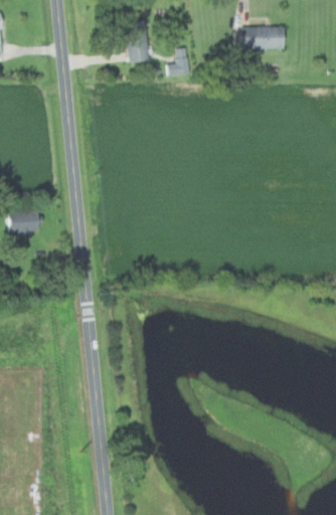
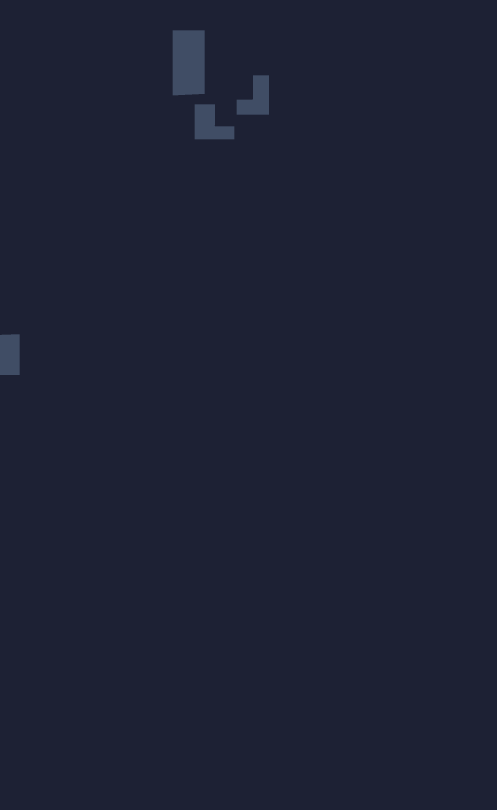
building: [243,28,286,49] -> none
building: none -> [194,104,235,140]

